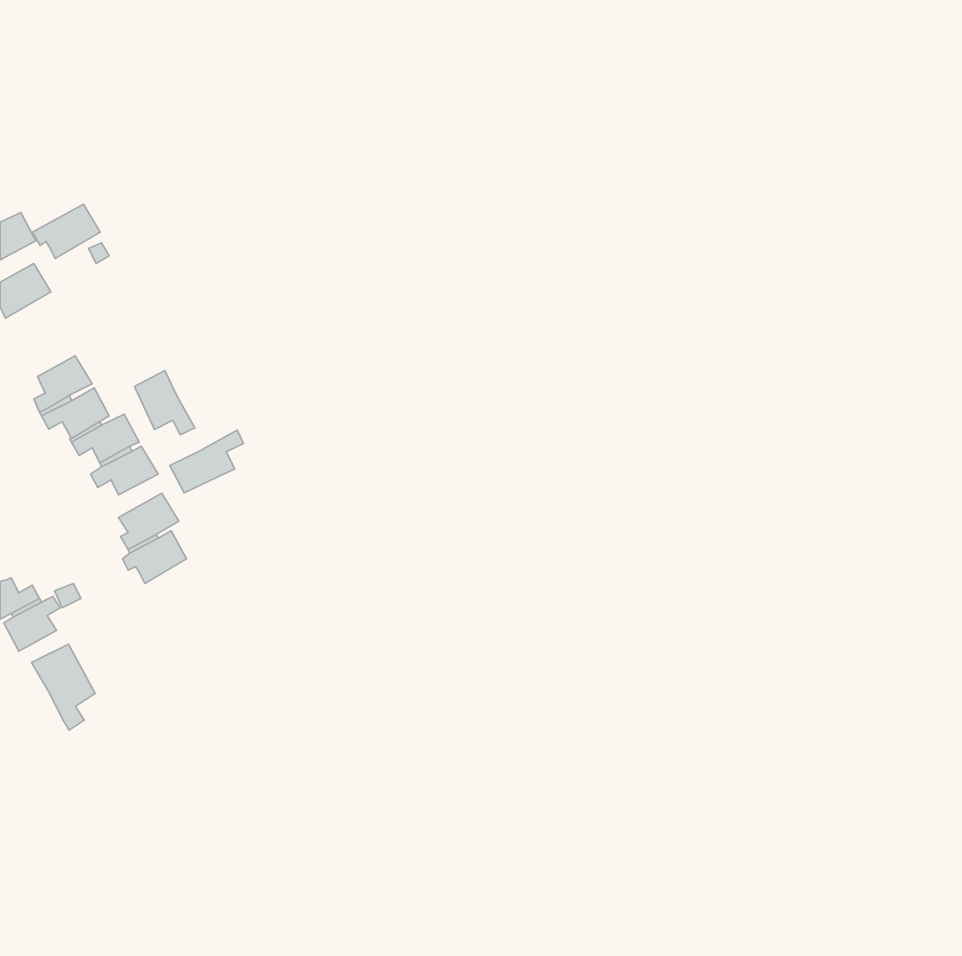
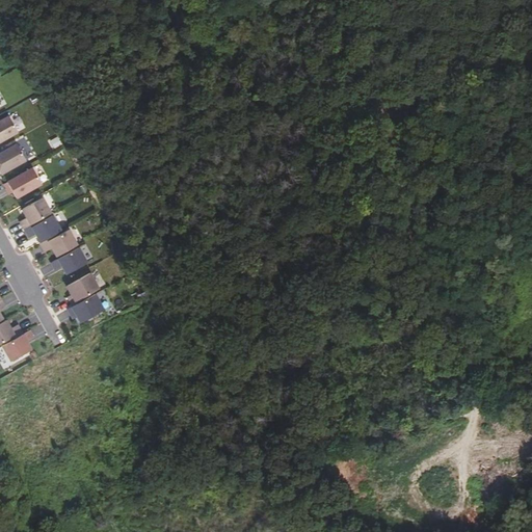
building: [33,204,100,259] -> [6,169,44,200]
building: [135,370,195,435] -> none
building: [170,430,244,493] -> none
building: [31,644,95,730] -> none

